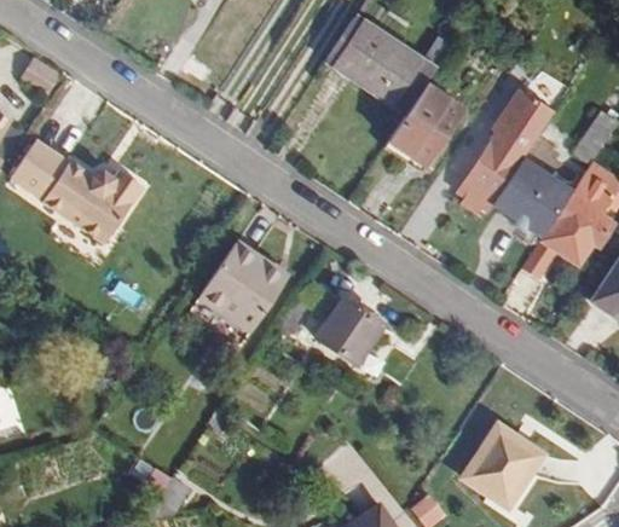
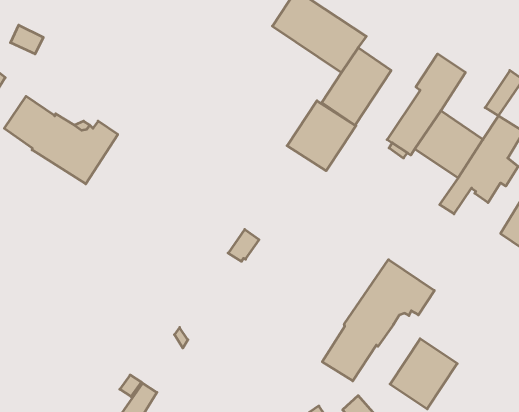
building: none -> [287,101,356,171]
building: [199,241,289,331] -> none
building: [316,296,383,363] -> none
building: none -> [322,260,434,381]

